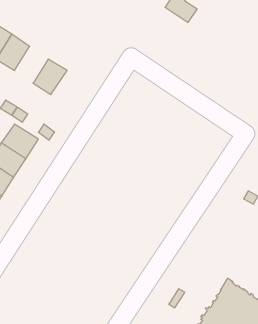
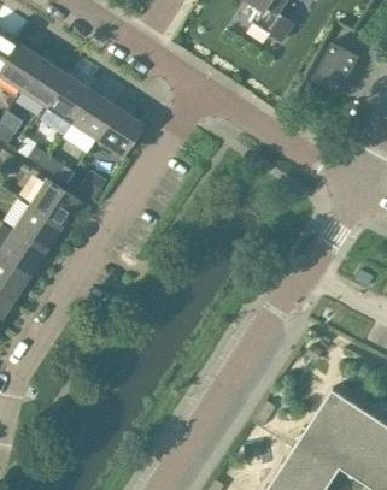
building: none -> [313,42,359,93]
building: none -> [46,75,92,124]
building: none -> [95,107,143,157]

